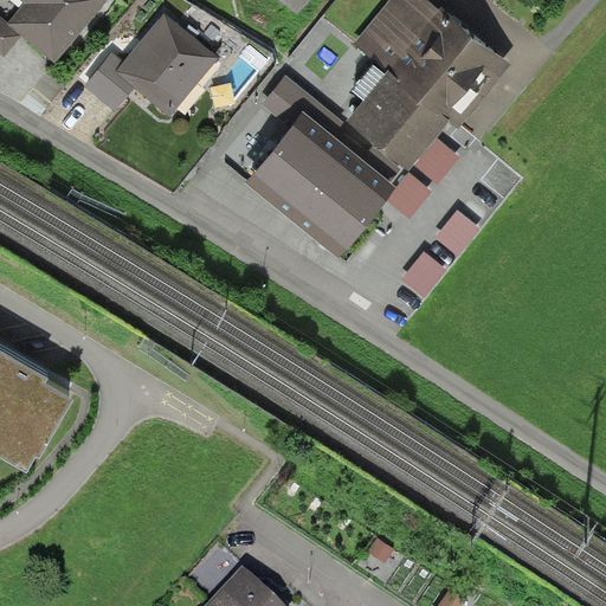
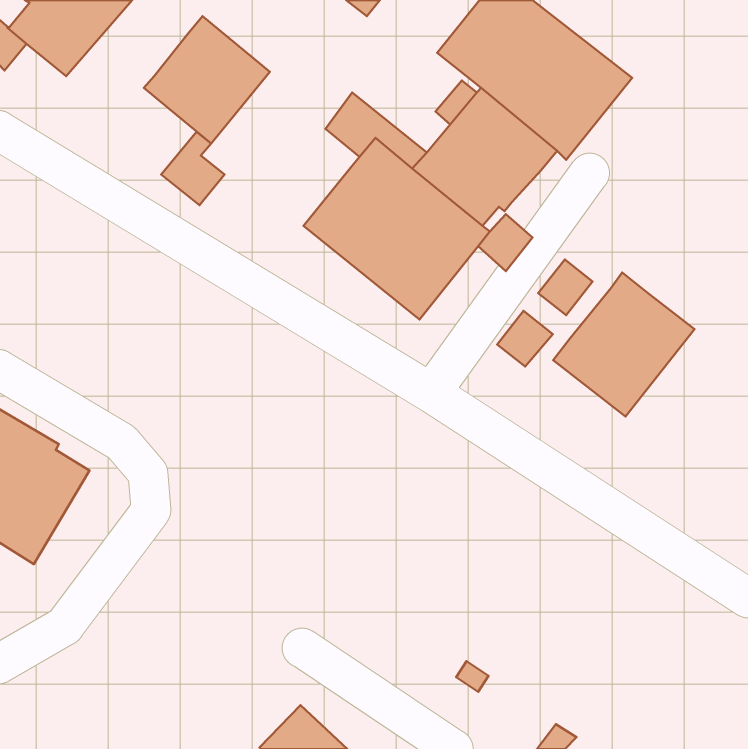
building: [84,52,135,111] -> [161,132,224,205]
building: [413,137,459,183] -> none
building: none -> [553,273,695,417]

